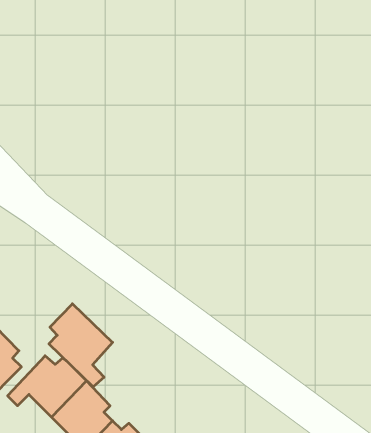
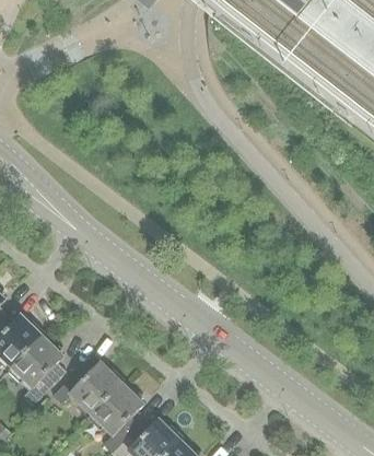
building: [49,304,113,387] -> none

